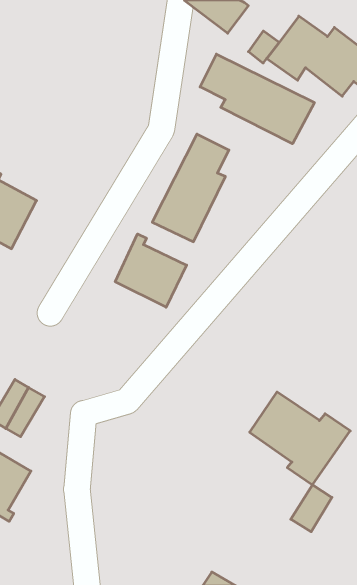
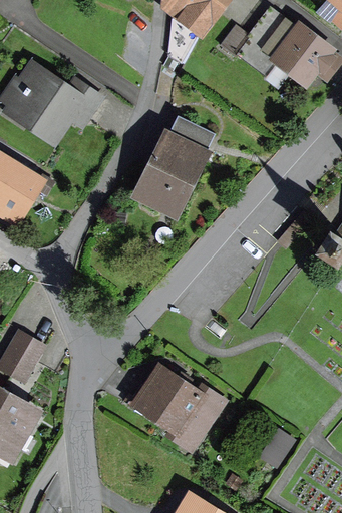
building: [200,54,314,144] -> none
building: none -> [11,67,100,139]
building: [115,234,187,307] -> none
building: [250,392,350,485] -> [136,368,225,449]

